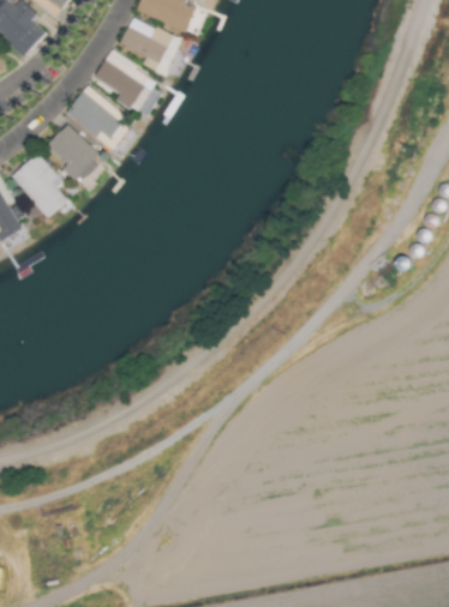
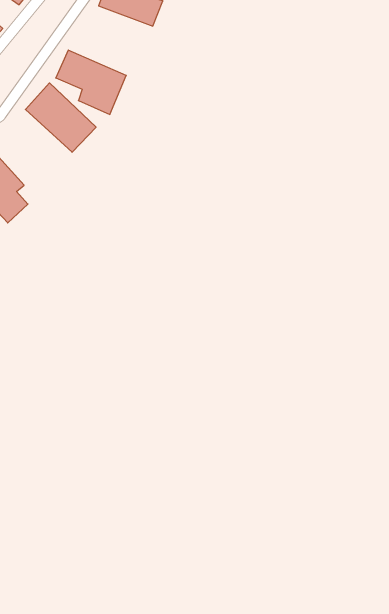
building: [119,17,181,76] -> none
building: [46,124,102,184] -> none

